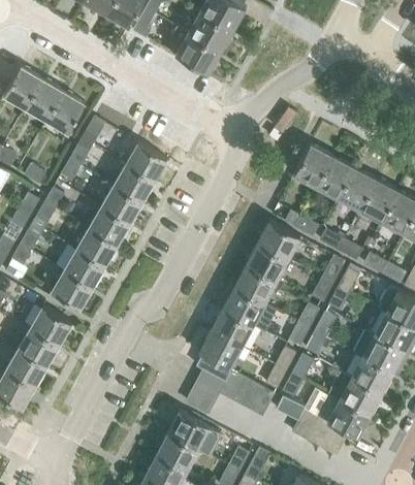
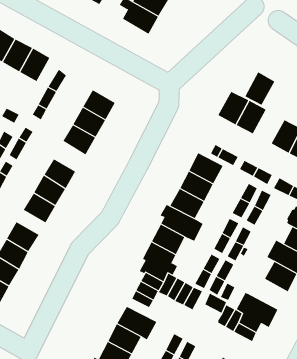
building: [338,167,376,209] -> [245,72,275,106]
building: [89,206,129,245] -> none
building: [329,373,381,416] -> none

